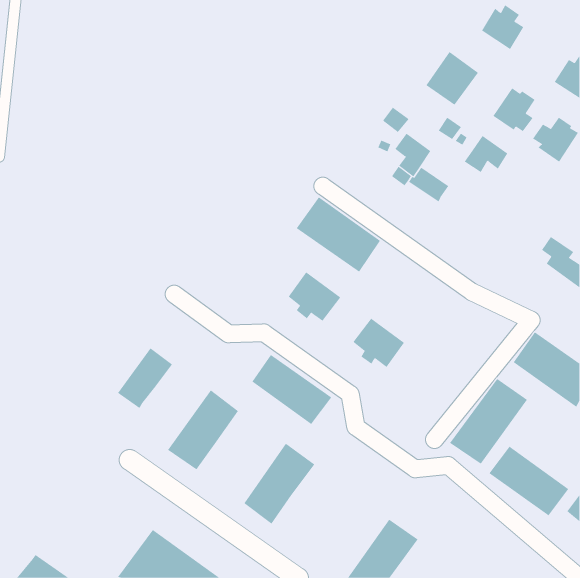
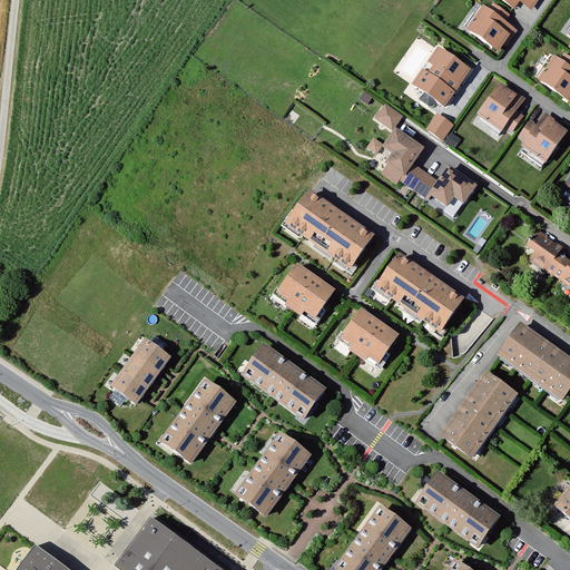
building: [464,135,508,173] -> [432,168,475,205]
building: none -> [379,255,463,330]
building: [489,446,569,516] -> [421,475,500,544]

